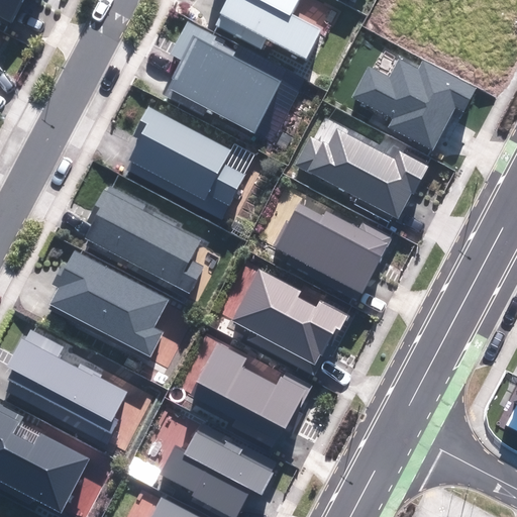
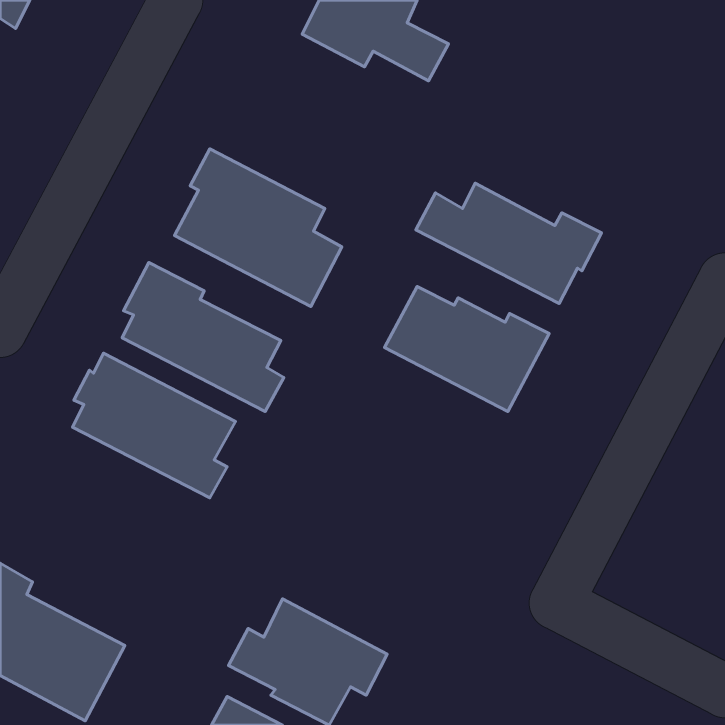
building: [166,21,280,131] -> none
building: [353,61,475,149] -> none
building: [233,270,347,363] -> none
building: [6,329,127,434] -> none
building: [190,343,309,446] -> none

